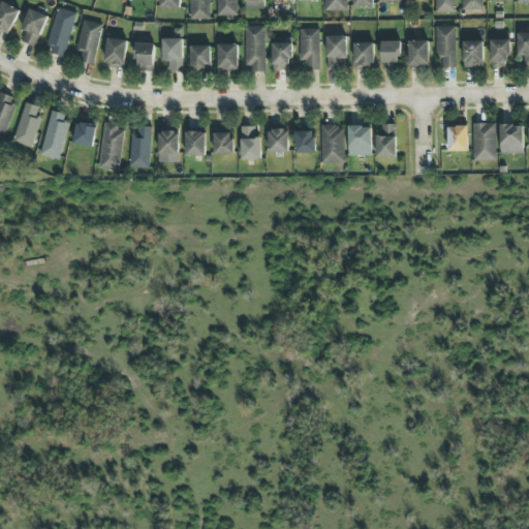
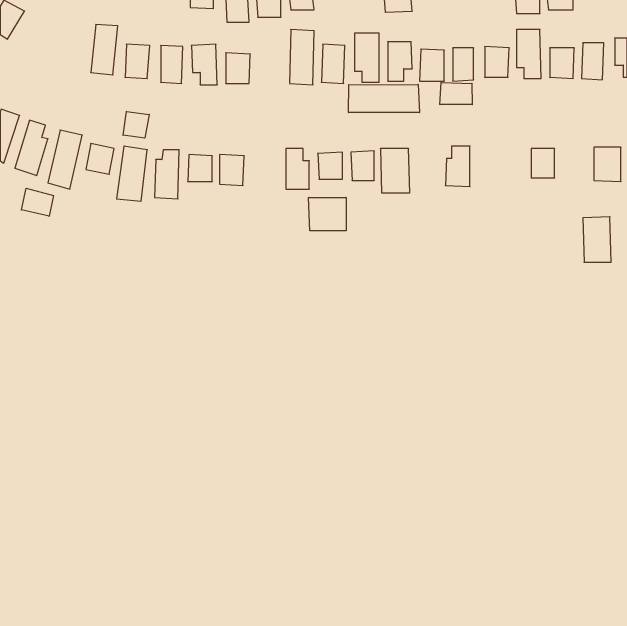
building: [20,7,48,45] -> none
building: [45,7,76,56] -> none
building: [217,43,238,69] -> none
building: none -> [440,82,472,105]
building: none -> [349,84,419,113]
building: none -> [123,111,149,138]
building: [472,122,496,160] -> [583,217,611,262]
building: [348,125,371,155] -> none
building: [214,131,232,153] -> none
building: none -> [21,188,53,216]
building: none -> [309,197,346,231]

